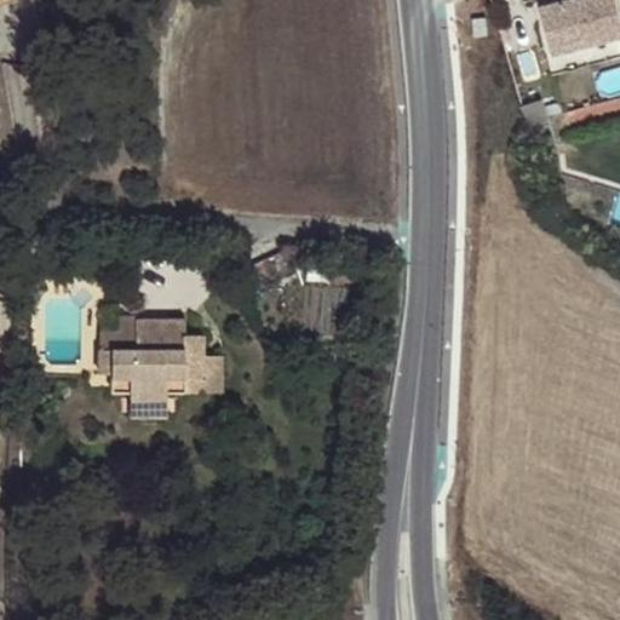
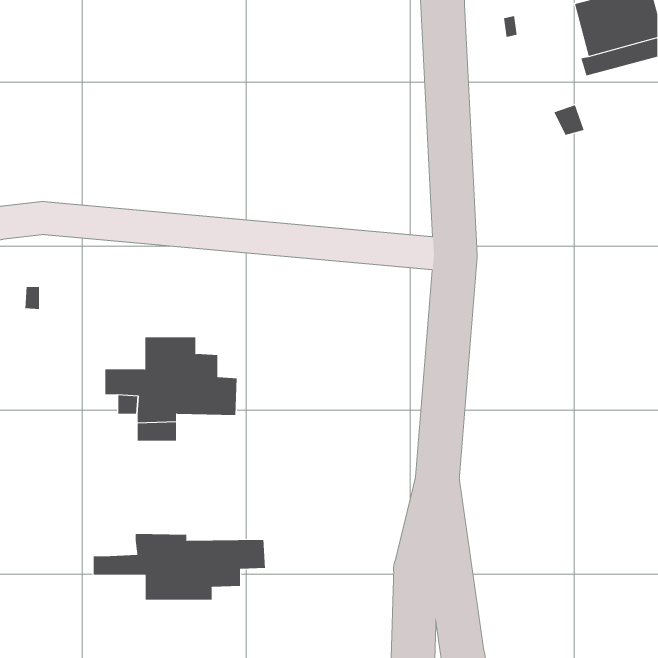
building: none -> [93,533,266,601]

